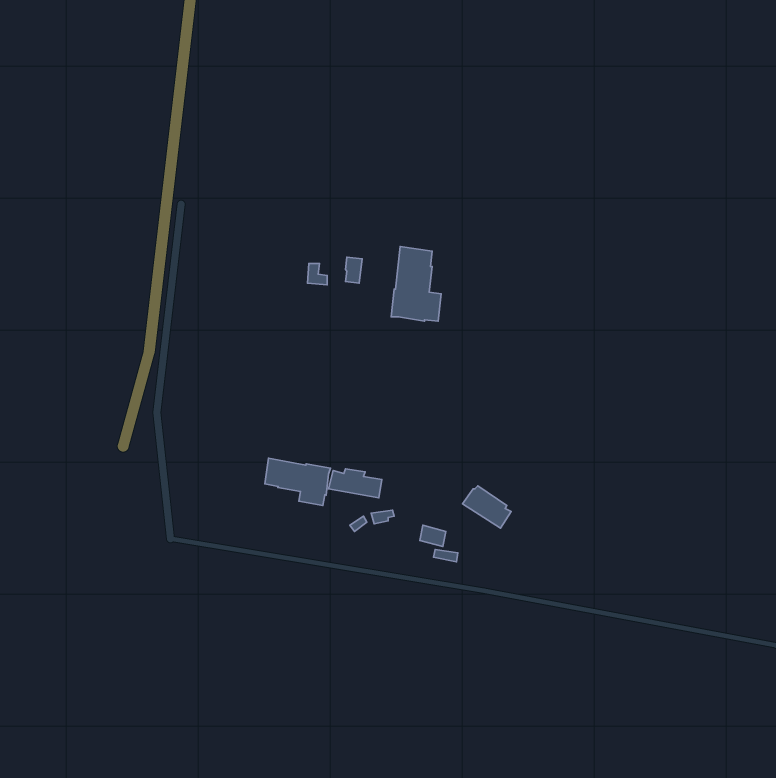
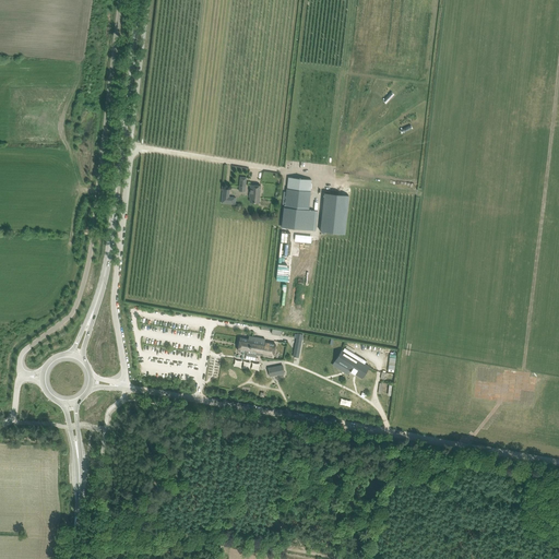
building: none -> [319,193,348,234]
building: [265,458,330,506] -> none

